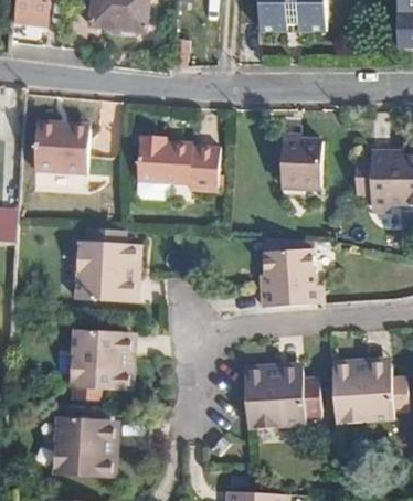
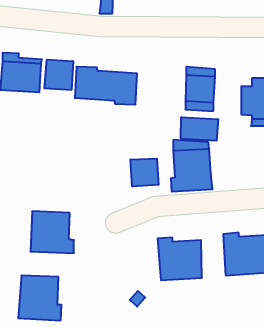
building: none -> [45,60,73,90]
building: none -> [181,117,218,141]
building: [77,239,139,301] -> none
building: none -> [131,159,158,187]

